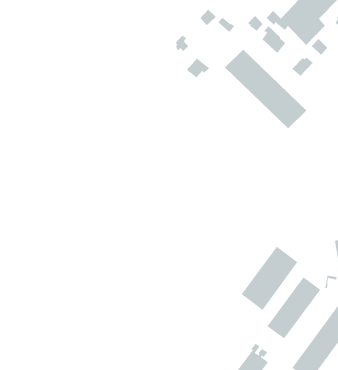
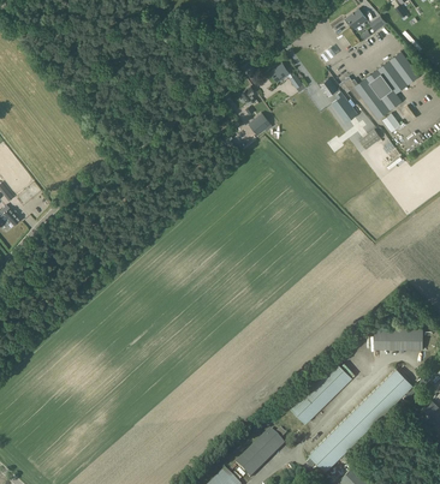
building: [224,49,307,129] -> none
building: [241,246,298,311] -> none

